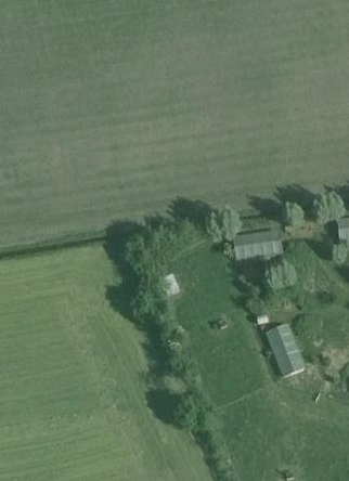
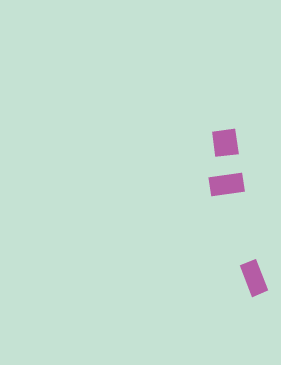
building: none -> [212,128,239,157]

